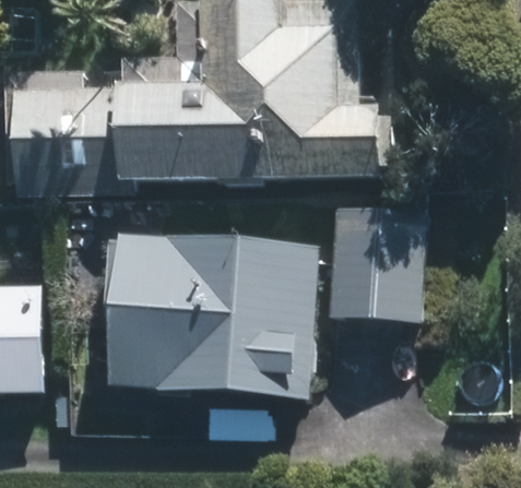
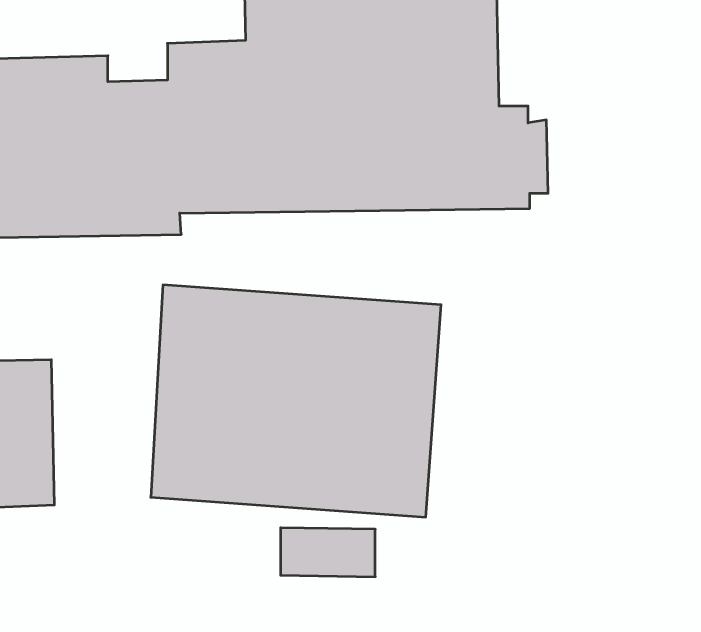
building: [325,206,424,320] -> none

